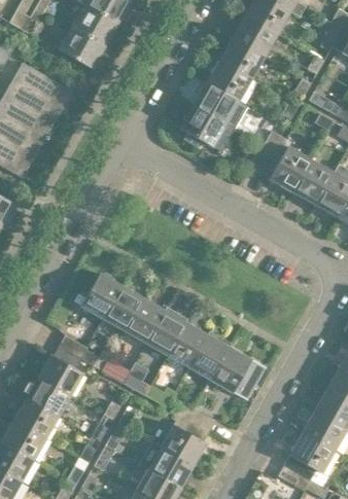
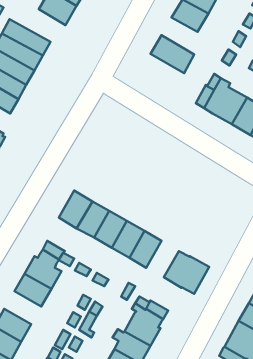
building: [207,62,251,102] -> none
building: [180,106,235,152] -> none
building: [188,335,229,380] -> none
building: [14,397,60,437] -> none

